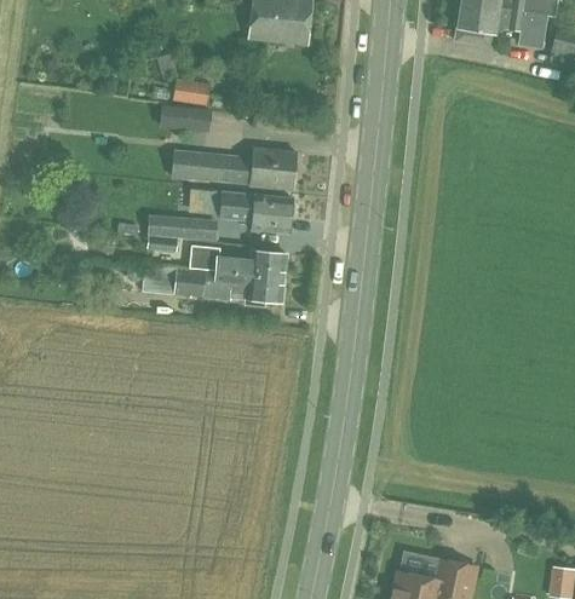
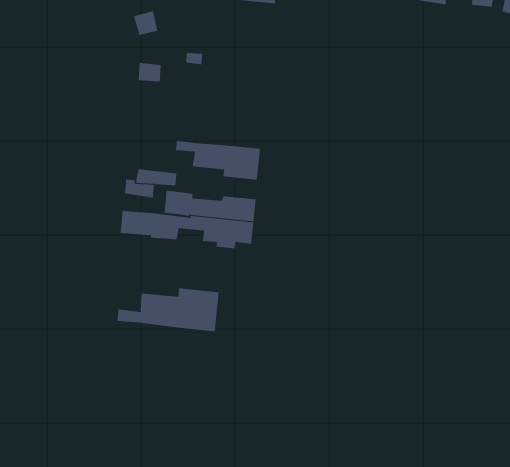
building: [172,80,209,106] -> none
building: [171,149,297,190] -> none
building: none -> [117,287,219,332]

